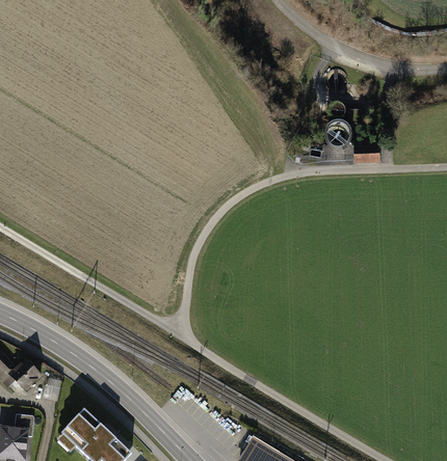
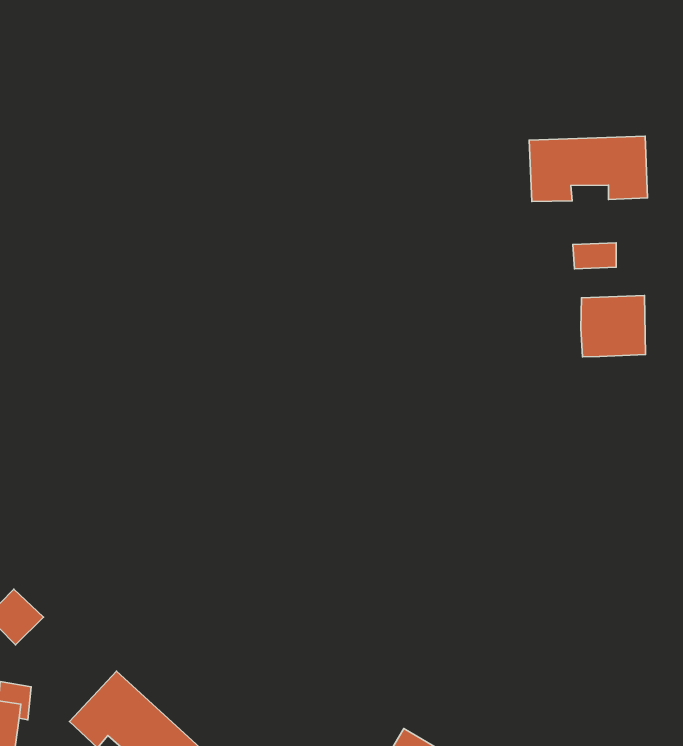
building: none -> [529,136,647,202]
building: none -> [581,295,646,357]

